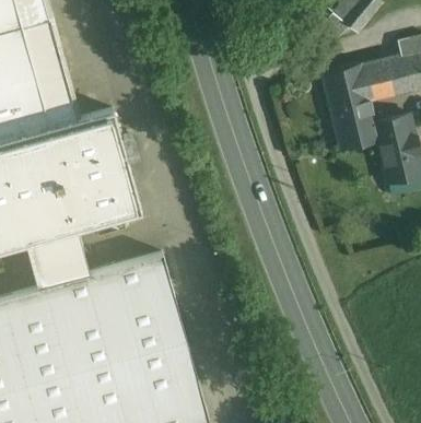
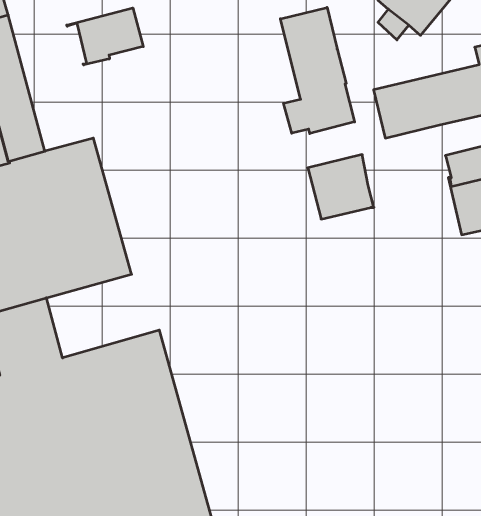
building: none -> [280,7,355,134]
building: none -> [67,8,143,65]
building: [330,101,379,149] -> [308,155,374,219]

